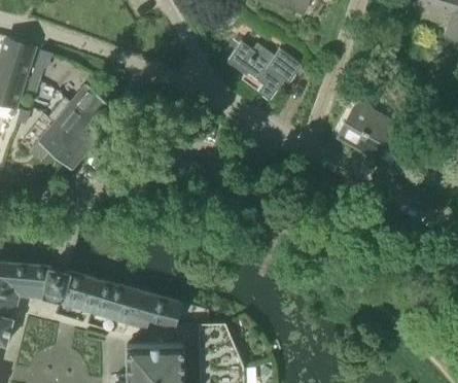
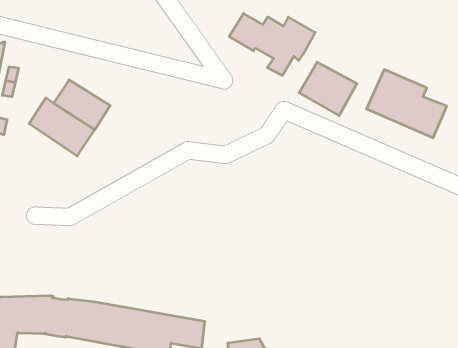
building: none -> [299,62,357,116]
building: [38,123,85,169] -> none

